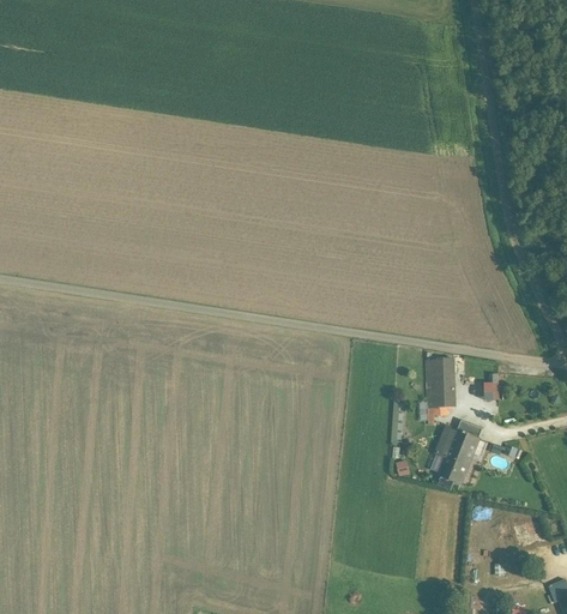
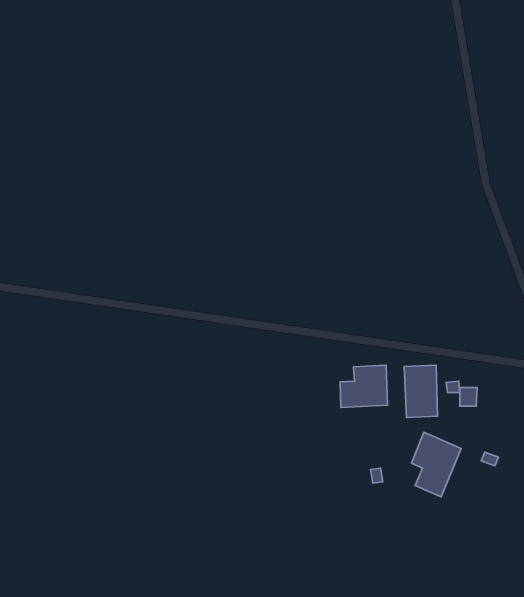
building: none -> [340,365,388,408]

